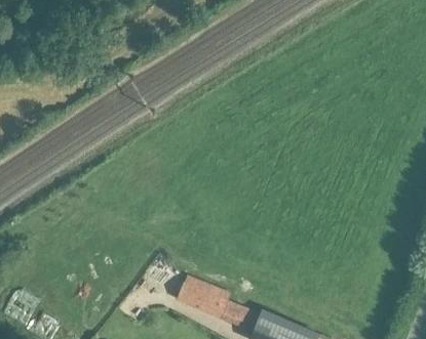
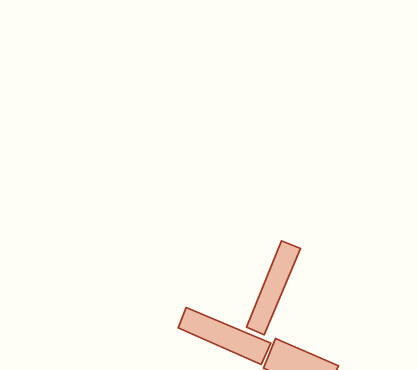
building: none -> [246,241,301,335]

